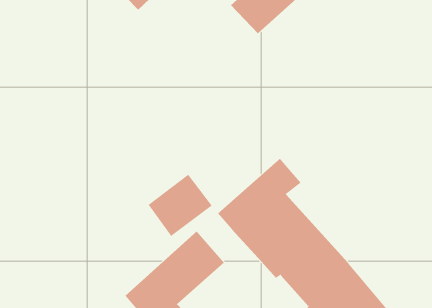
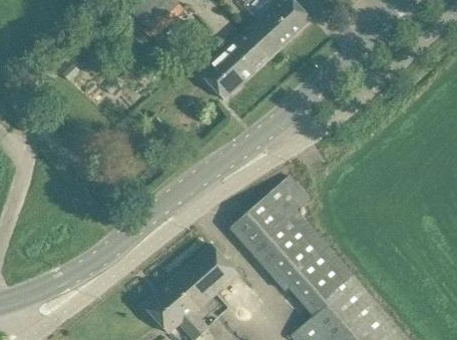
building: none -> [199,33,269,100]
building: [148,174,212,237] -> none

